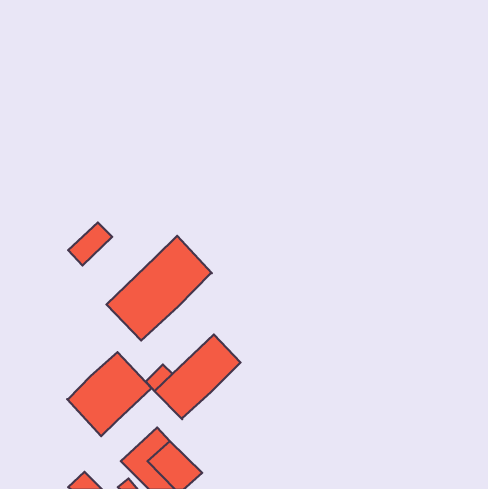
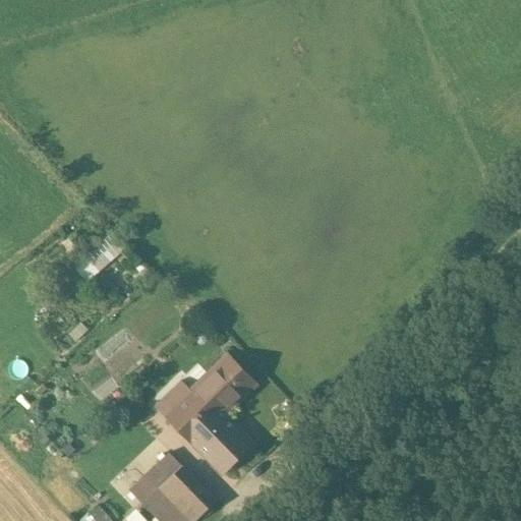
building: [106,236,212,341] -> none
building: [67,352,152,436] -> none
building: none -> [193,417,250,473]

